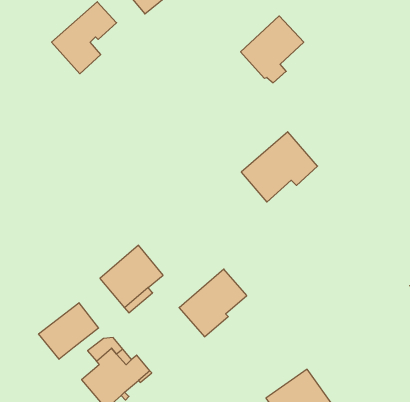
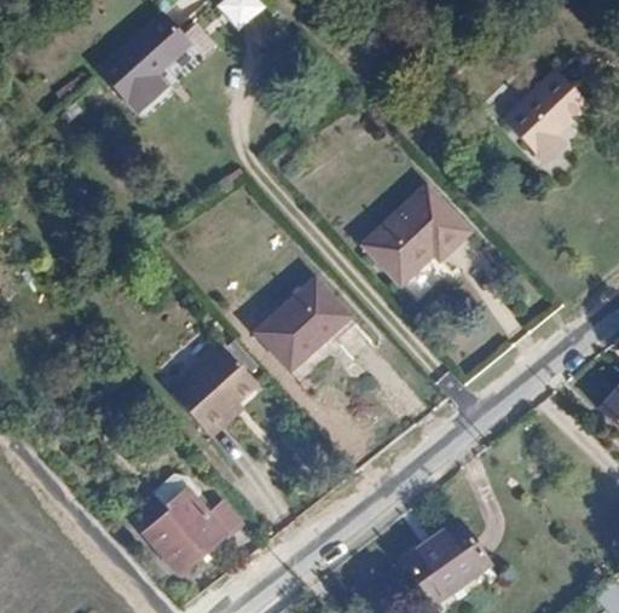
building: [241,16,304,83] -> [499,68,586,160]
building: [179,269,247,337] -> [255,278,348,371]
building: [39,303,99,359] -> none

